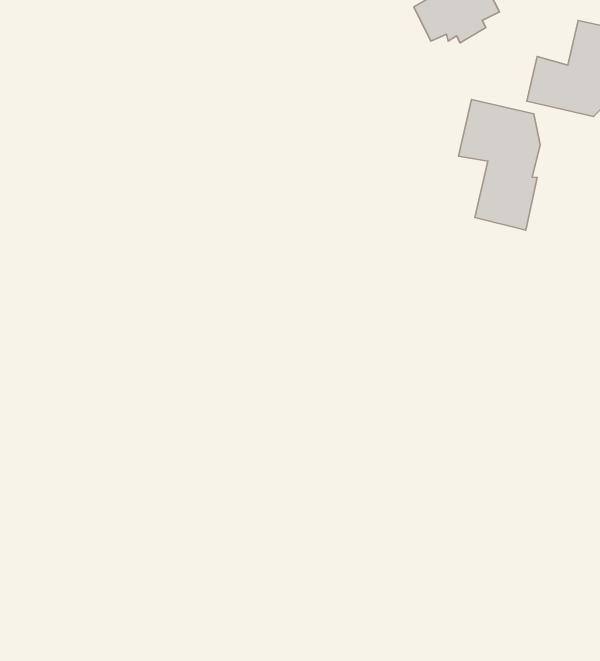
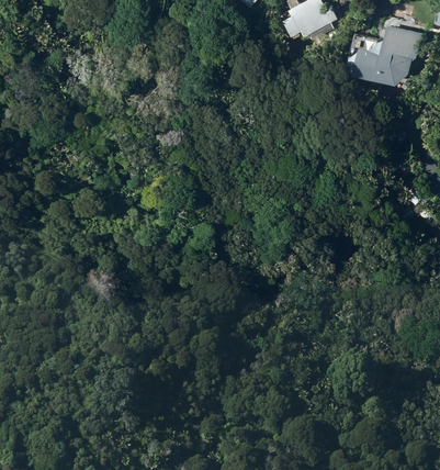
building: [458,100,540,230] -> none

